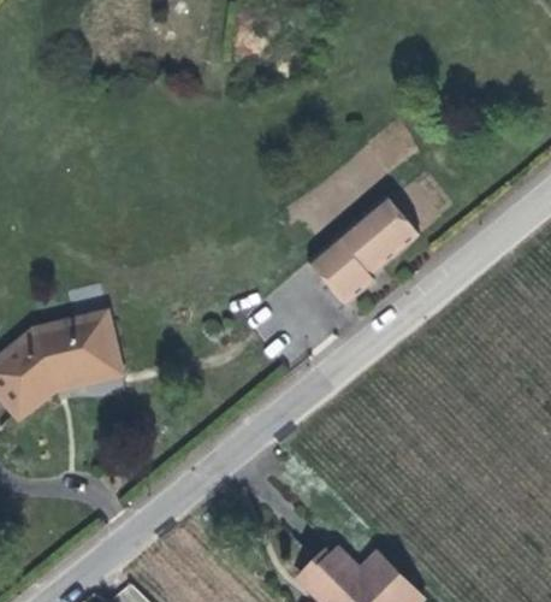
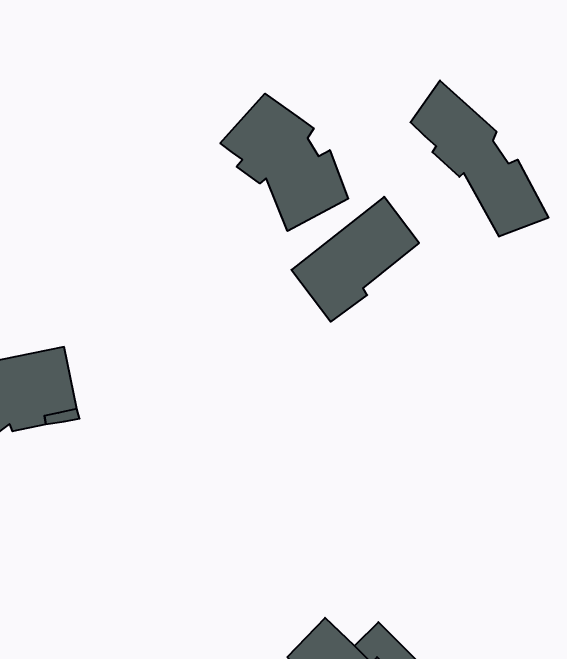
building: none -> [410,80,549,237]
building: none -> [220,94,348,231]

